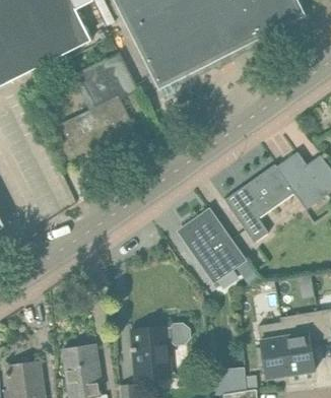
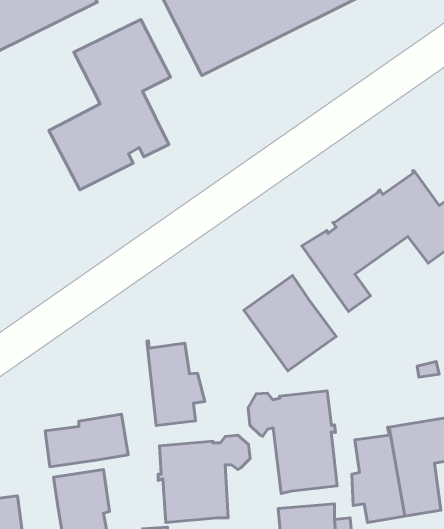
building: none -> [147,341,205,426]
building: none -> [248,391,337,493]
building: none -> [45,414,128,467]

